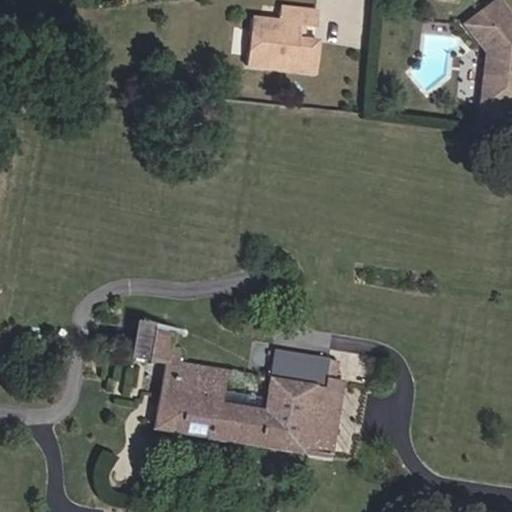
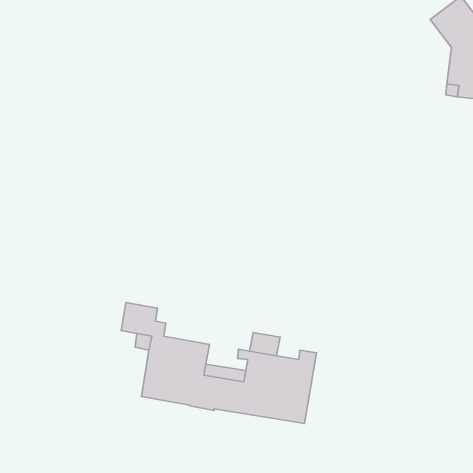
building: [248,5,320,71] -> none
building: [300,359,345,386] -> none

